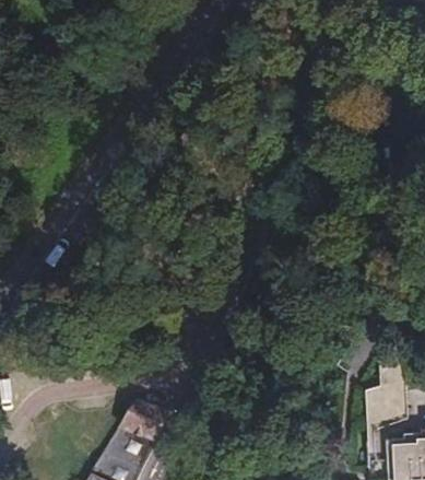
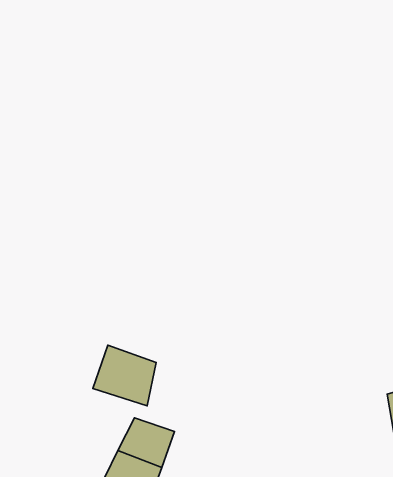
building: none -> [93,345,156,406]

